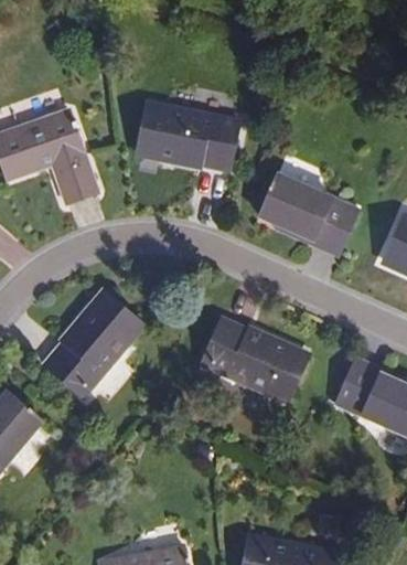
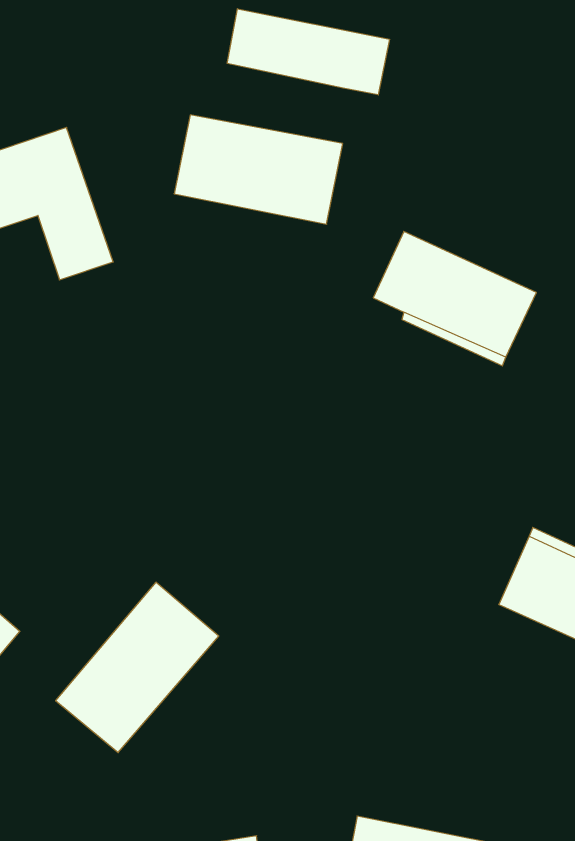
building: none -> [227,9,389,95]
building: [44,292,144,397] -> [56,582,219,753]
building: [201,318,308,403] -> none

